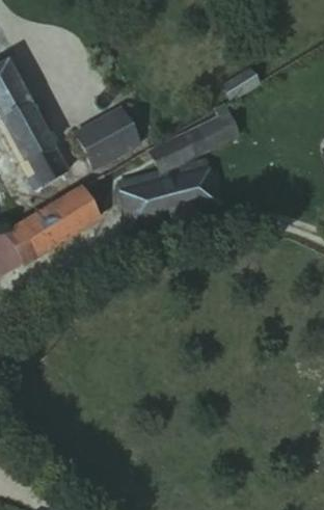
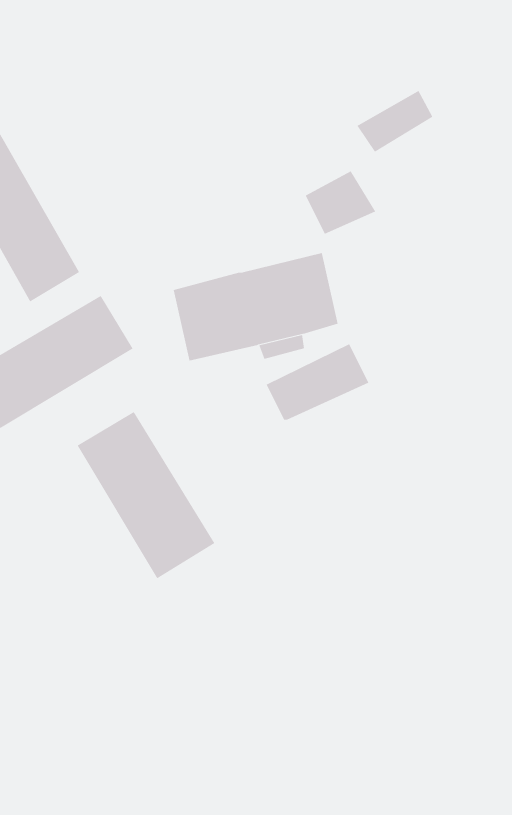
building: [75,103,141,167] -> none
building: [150,126,210,170] -> [266,344,369,420]
building: none -> [77,411,215,579]

